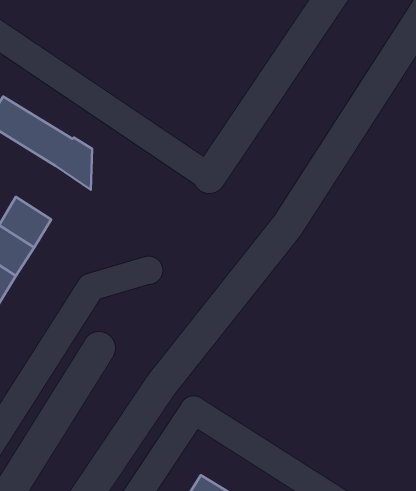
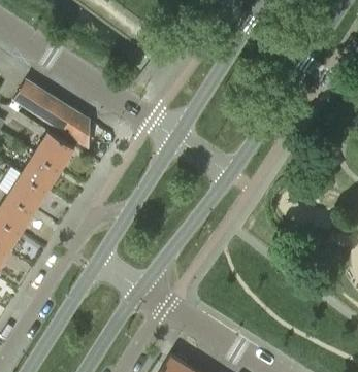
building: none -> [33,133,73,171]

